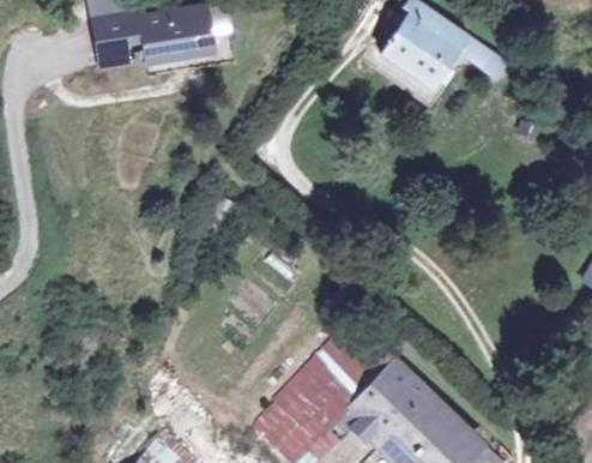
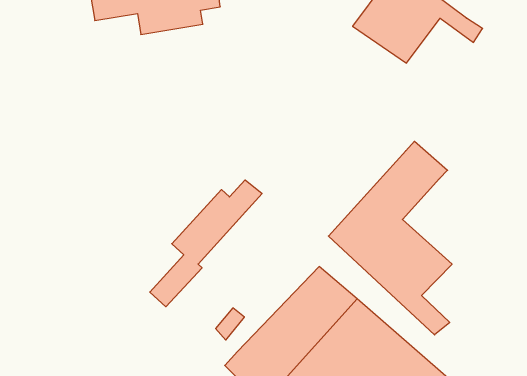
building: none -> [328,141,452,335]
building: none -> [150,180,262,307]

